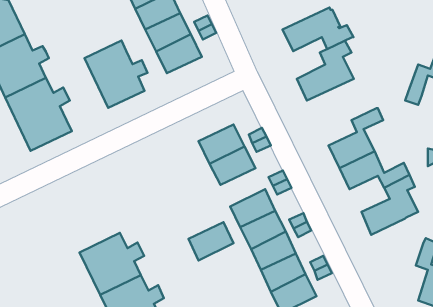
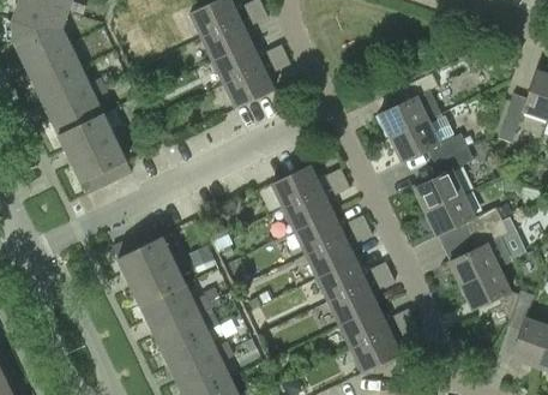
building: [282,8,353,51] -> [390,114,468,162]
building: [84,41,147,108] -> none
building: none -> [113,225,188,305]
building: none -> [460,267,518,319]
building: [189,222,233,261] -> [295,213,344,255]

